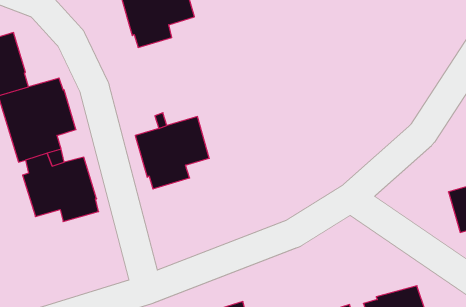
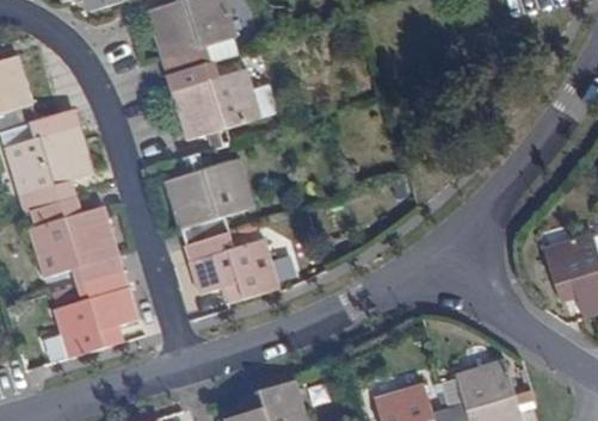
building: none -> [168,62,261,148]
building: none -> [186,231,294,303]
building: none -> [54,272,137,358]

